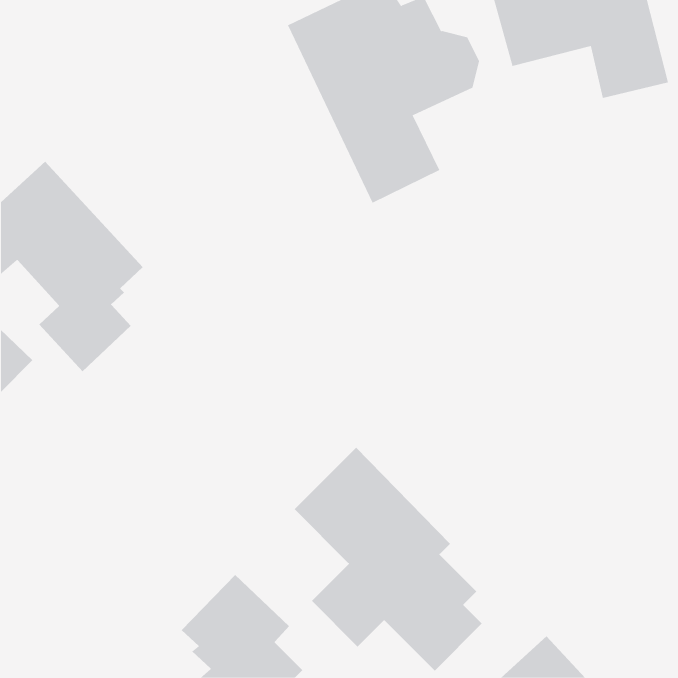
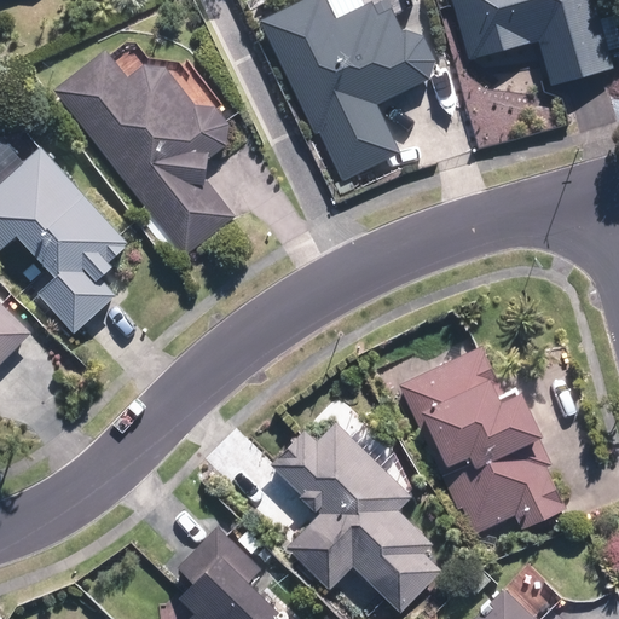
building: none -> [53,51,237,256]
building: none -> [399,341,566,536]

